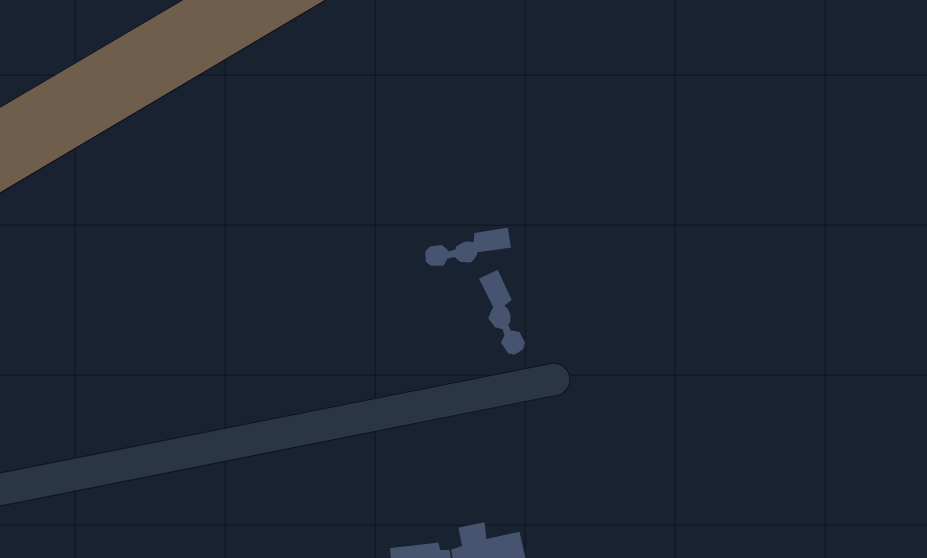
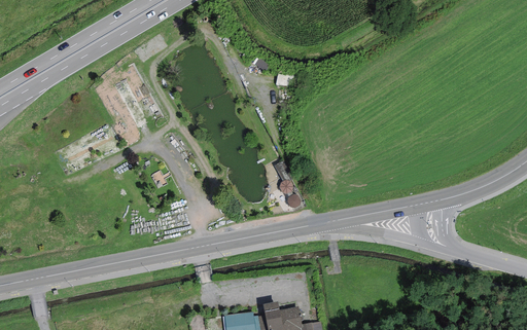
building: [424,227,512,267] -> none

